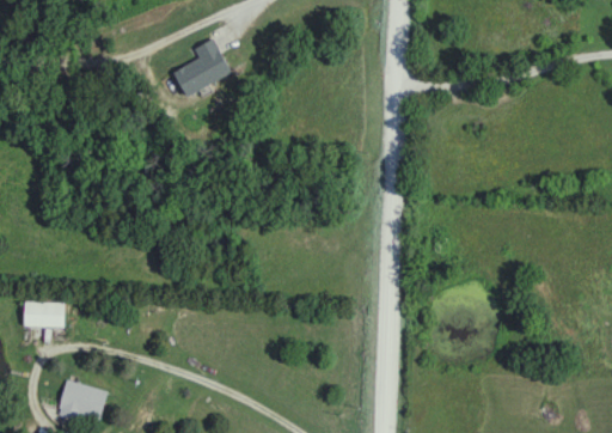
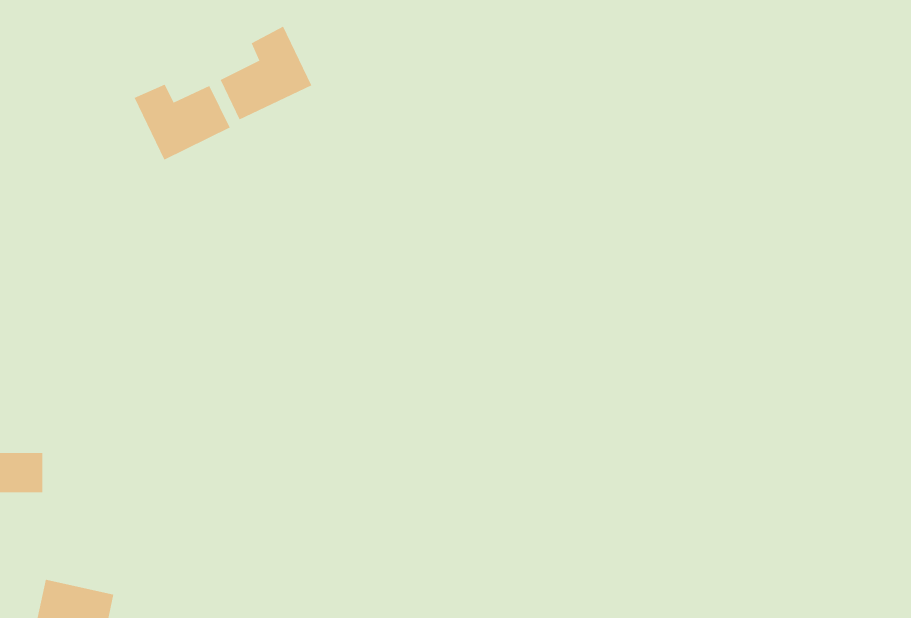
building: none -> [134,84,230,160]

